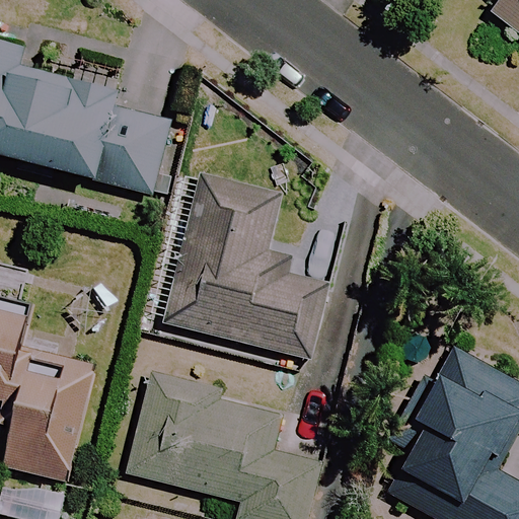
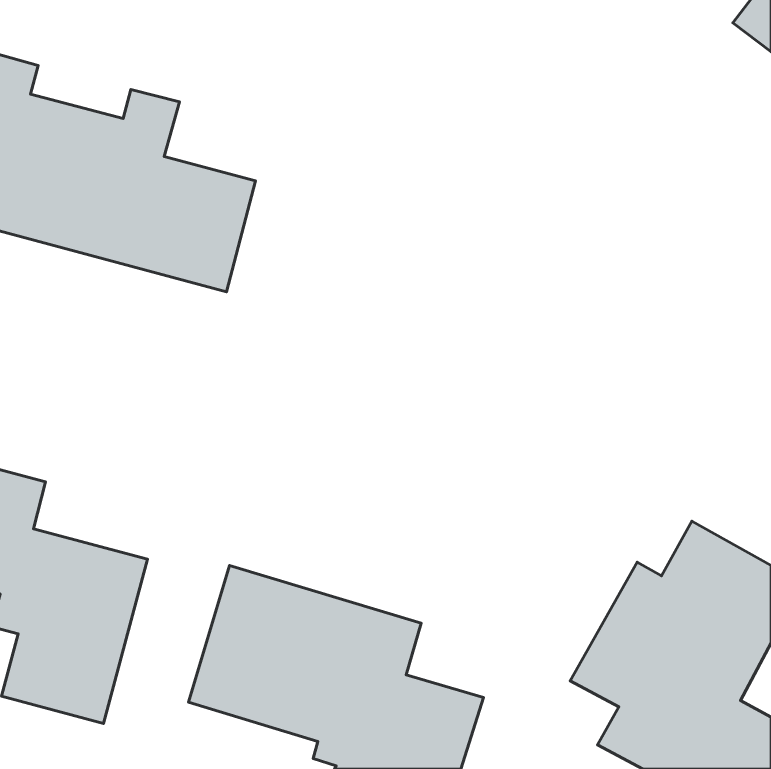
building: [162,171,328,359] -> none

